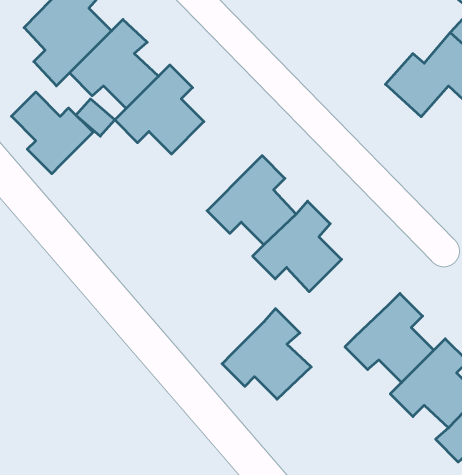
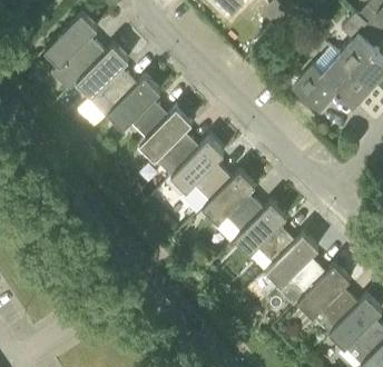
building: [11,92,93,174] -> none
building: none -> [139,108,200,177]
building: [222,309,311,399] -> [234,201,295,264]

